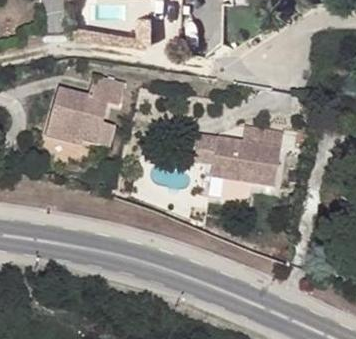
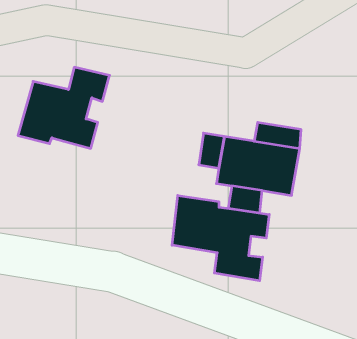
building: none -> [172,195,269,281]

